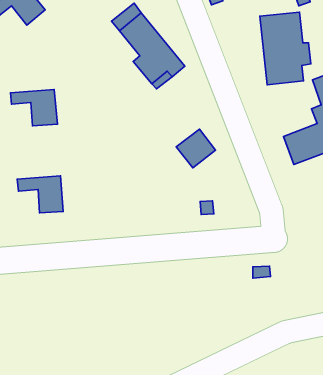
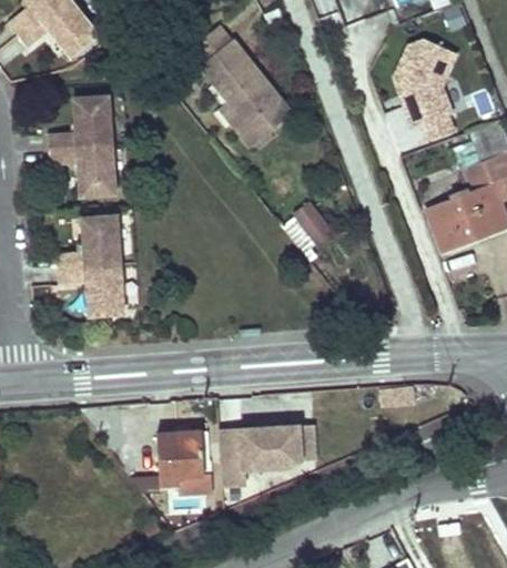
building: none -> [51,97,112,151]
building: none -> [59,216,121,270]
building: none -> [220,424,307,486]
building: none -> [155,434,200,485]

